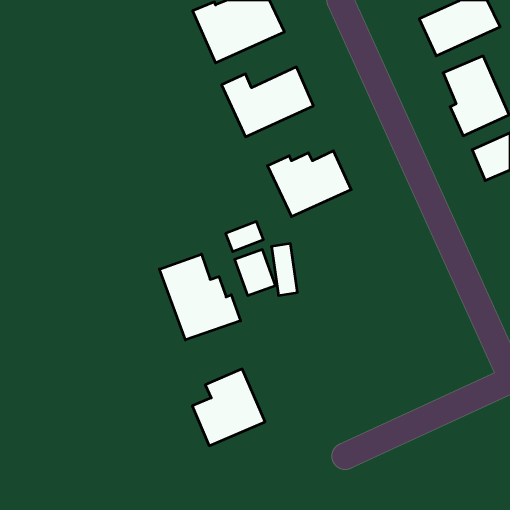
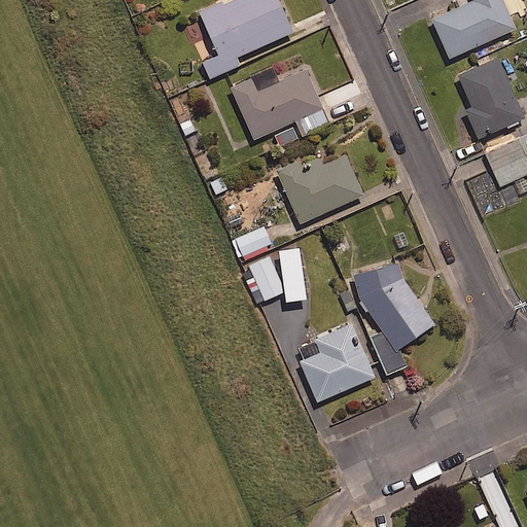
building: [159,254,241,340] -> none
building: none -> [352,264,435,353]
building: [192,369,265,446] -> [300,323,375,402]

